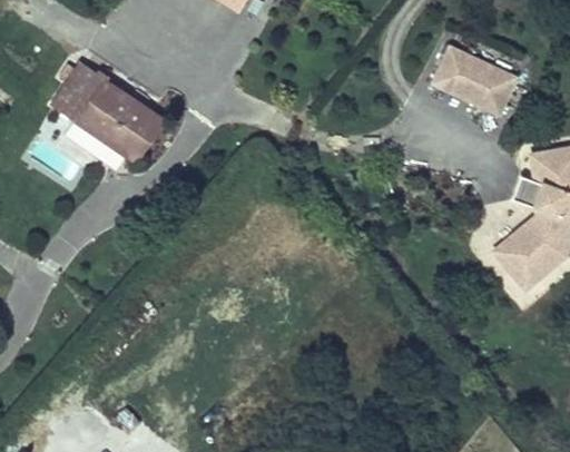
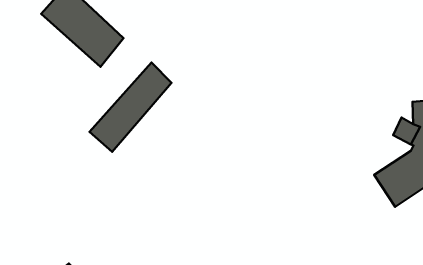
building: [434,48,517,115] -> none
building: none -> [90,62,172,152]

